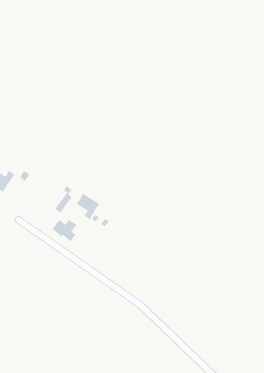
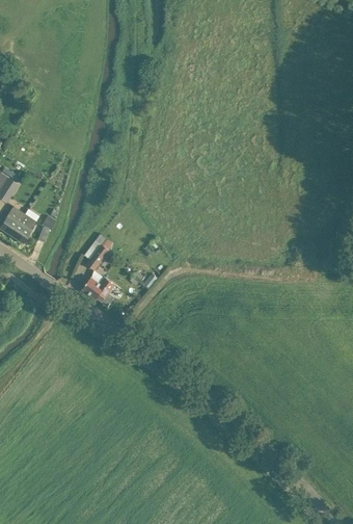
building: [76,193,100,220] -> none

